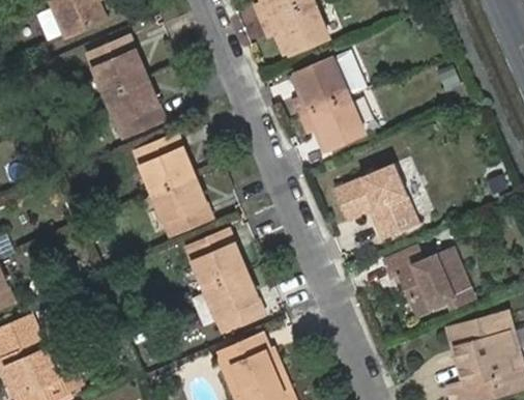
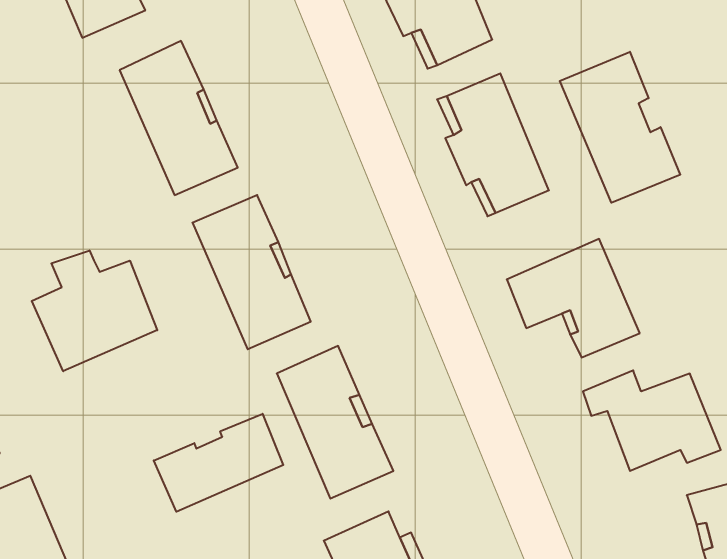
building: none -> [560,52,680,203]
building: none -> [32,251,157,371]
building: none -> [154,414,283,512]

